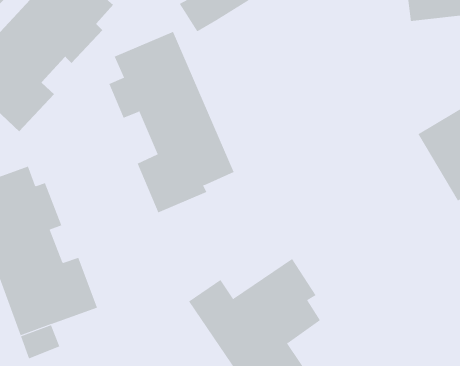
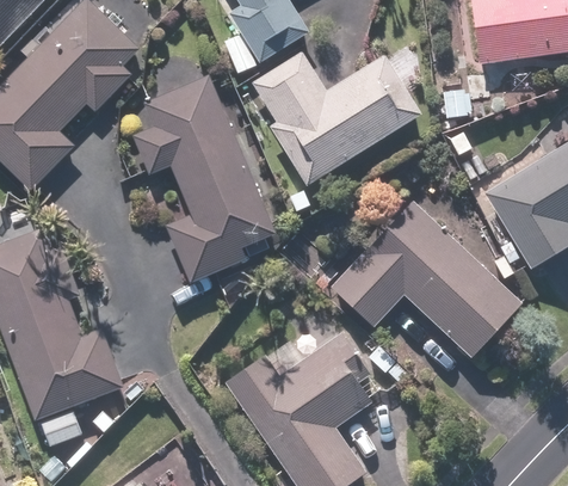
building: none -> [243,48,421,185]
building: none -> [329,197,524,363]

